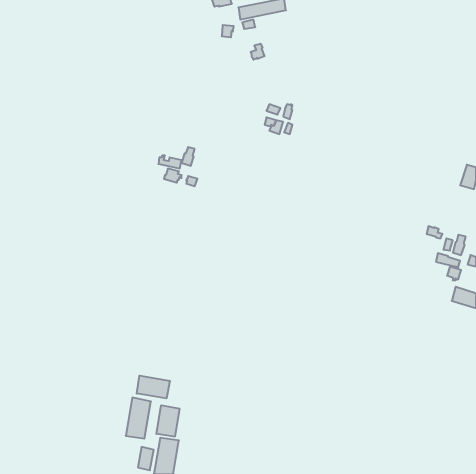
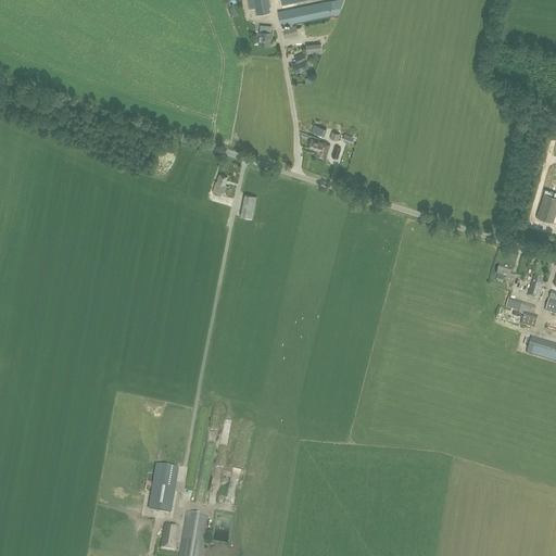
building: [137,376,170,398] -> none
building: [156,405,179,437] -> none

